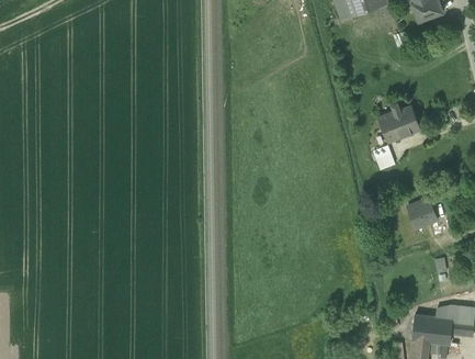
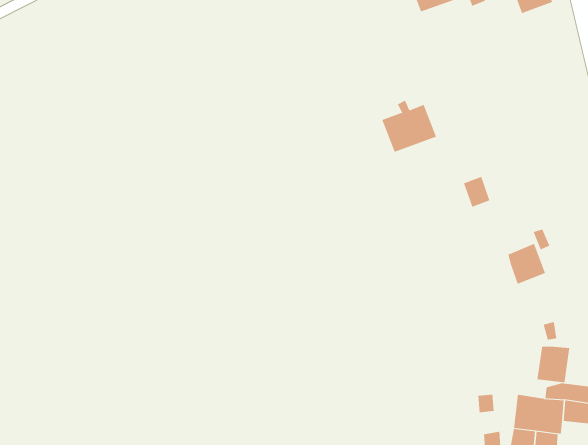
building: [377,102,420,143] -> [381,100,437,153]
building: none -> [537,346,570,383]

